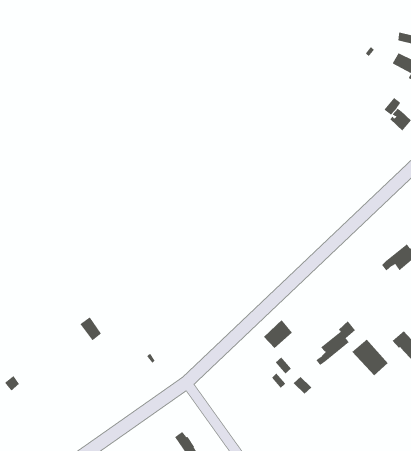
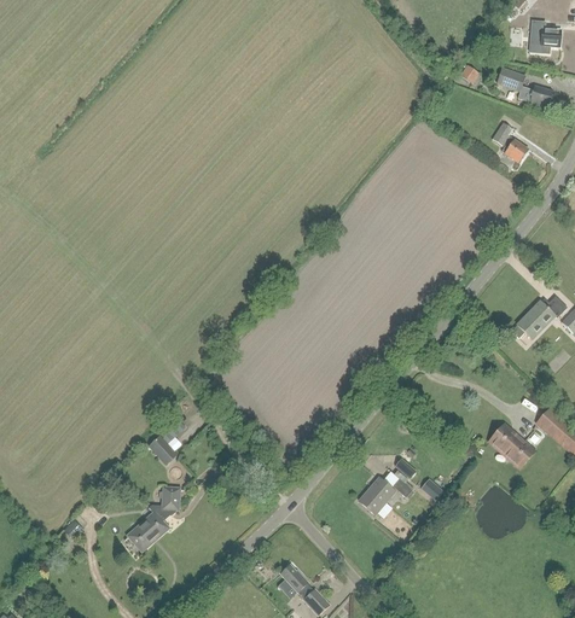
building: [263,319,293,349] -> [358,477,394,514]
building: [316,321,356,366] -> none
building: none -> [124,488,184,550]

